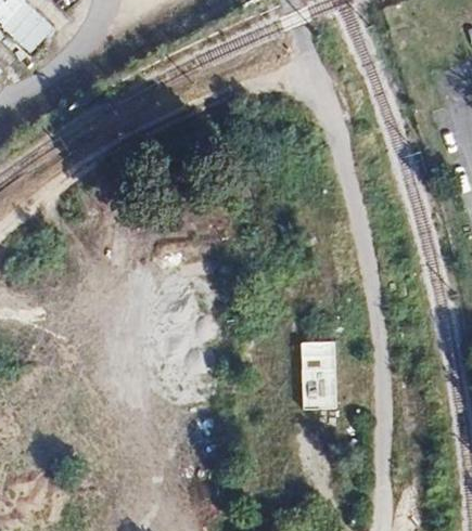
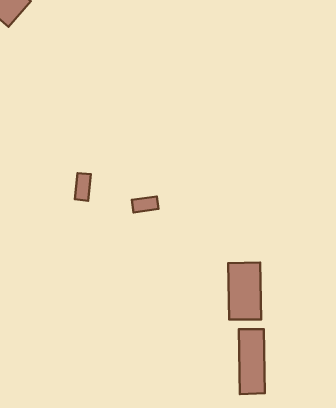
building: none -> [239,329,265,394]

